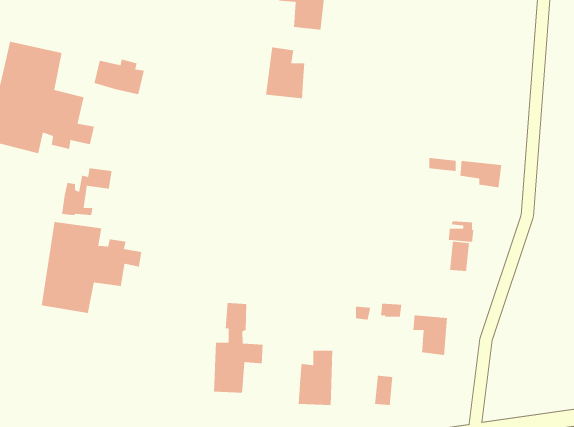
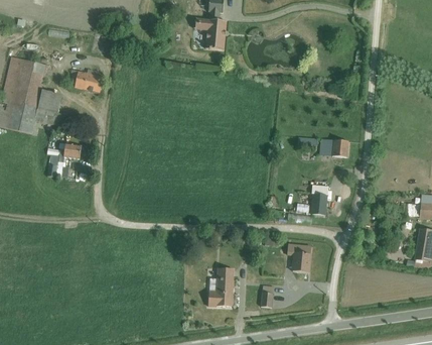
building: [265,47,305,99] -> none
building: [41,221,142,314] -> none
building: [213,302,264,393] -> none

